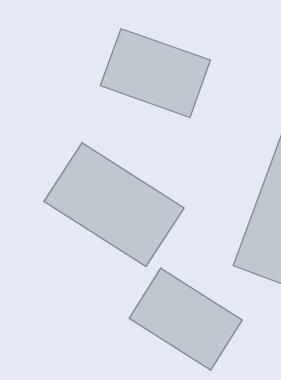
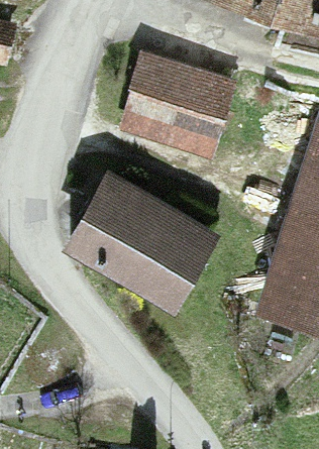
building: [129,268,242,370] -> none

